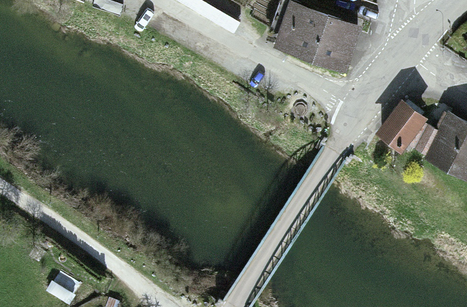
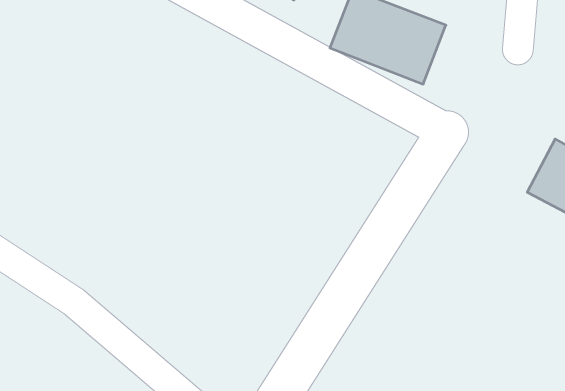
building: [381,102,430,153] -> none

